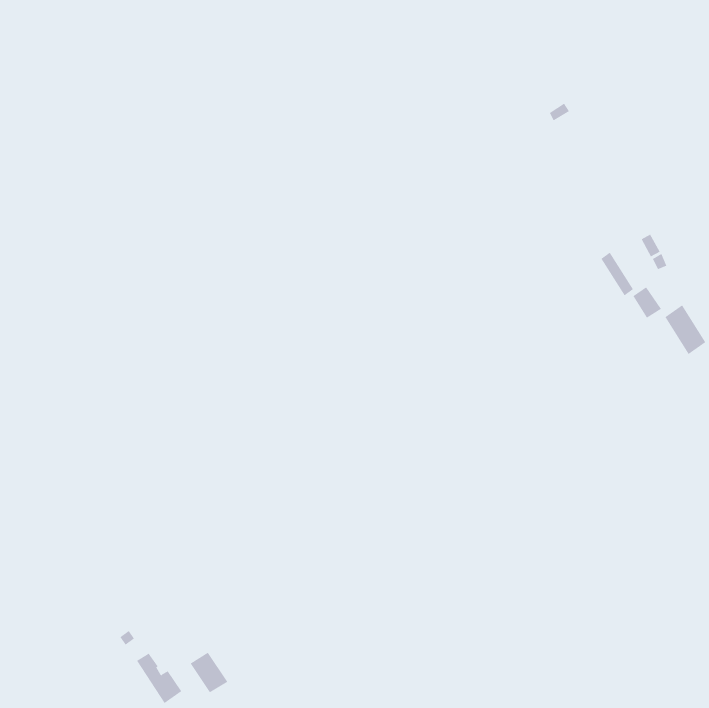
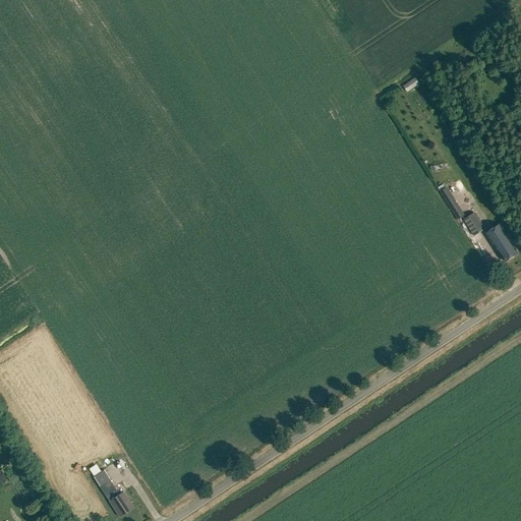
building: [190,652,228,693] -> none

